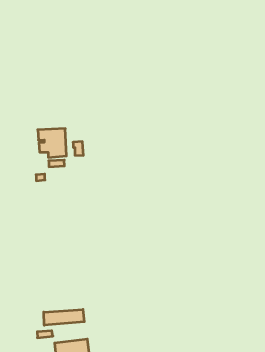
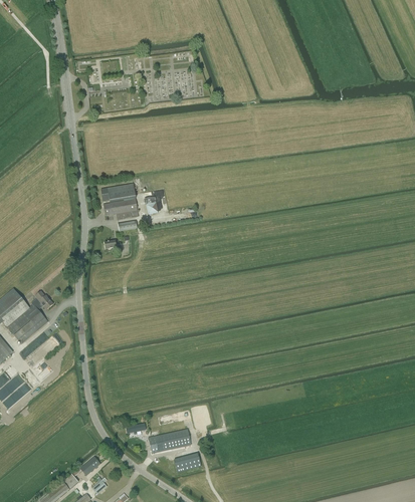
building: [44,309,84,325] -> none

